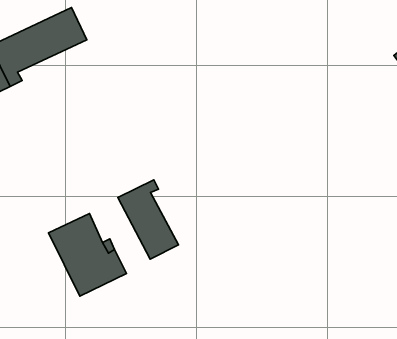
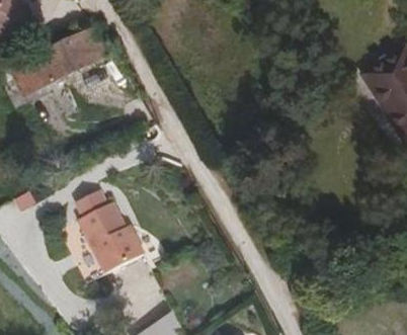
building: [118,180,178,259] -> none

